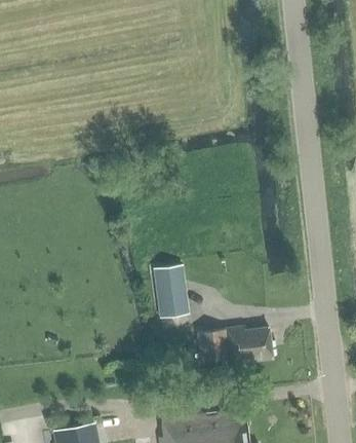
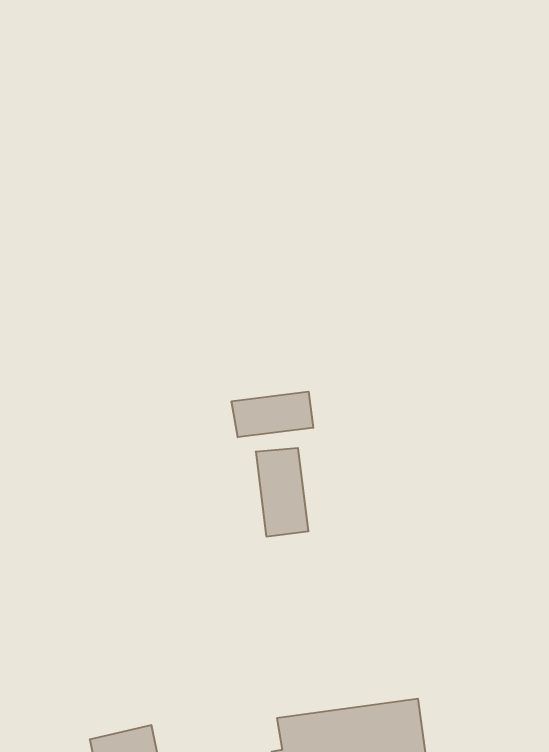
building: none -> [232,392,313,437]
building: [198,327,270,369] -> none

